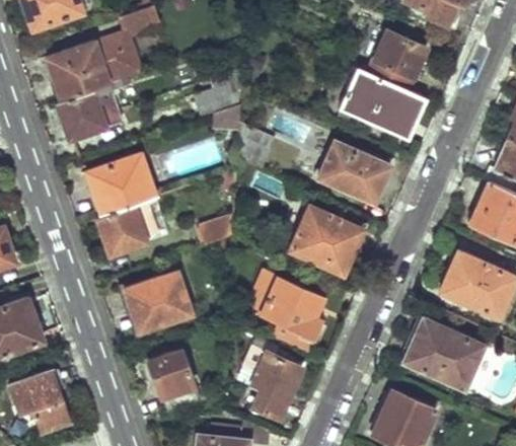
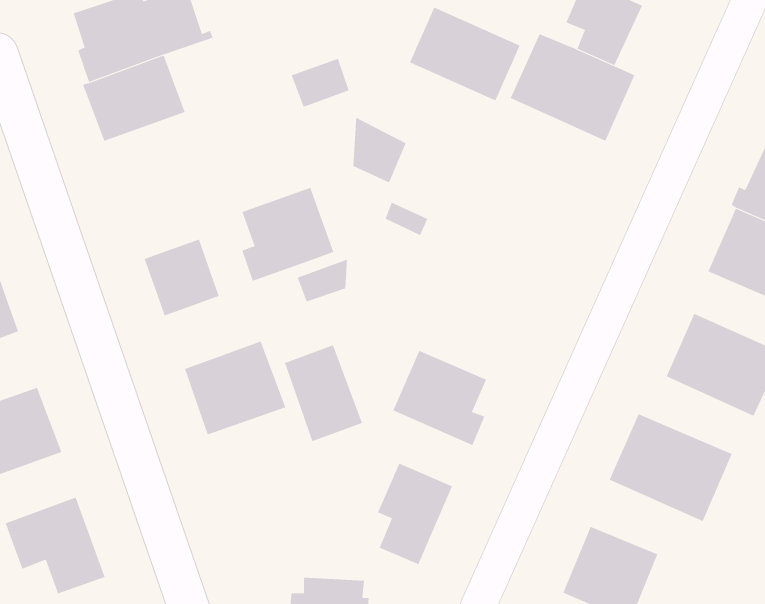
building: [317,141,390,203] -> [409,7,520,101]
building: [96,152,157,214] -> [241,187,334,281]
building: [292,205,364,269] -> none
building: [148,348,200,412] -> [284,344,363,442]

